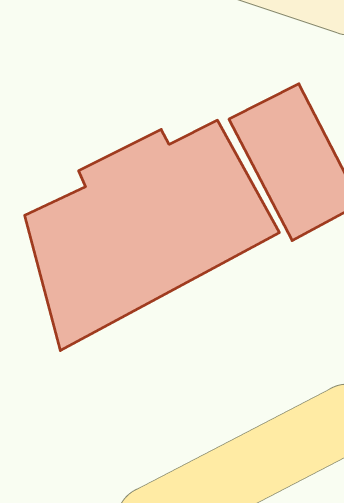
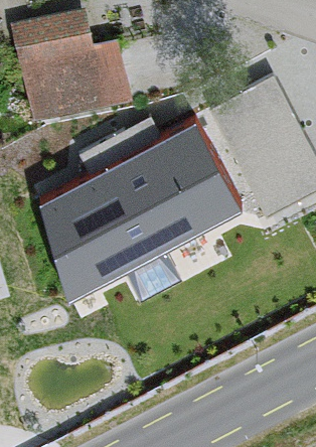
building: none -> [11,20,139,130]

